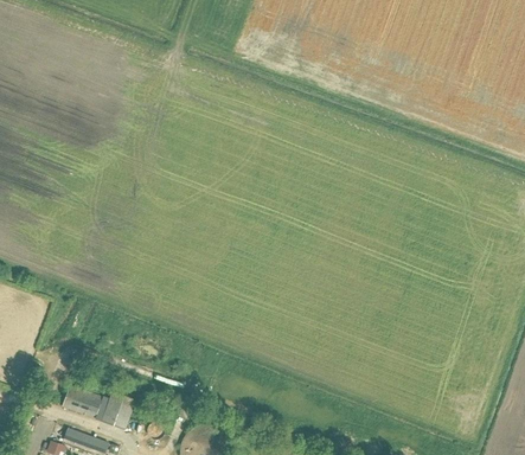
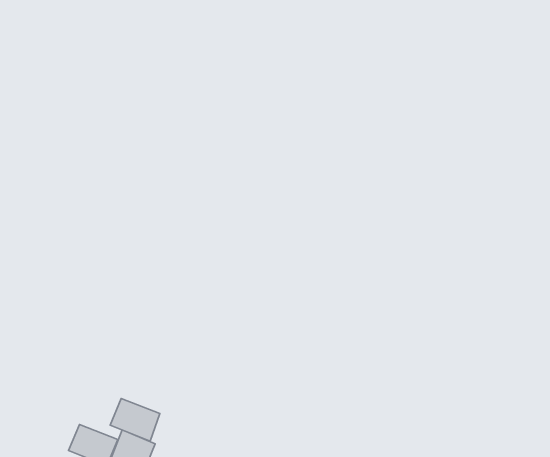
building: none -> [110,399,160,441]

